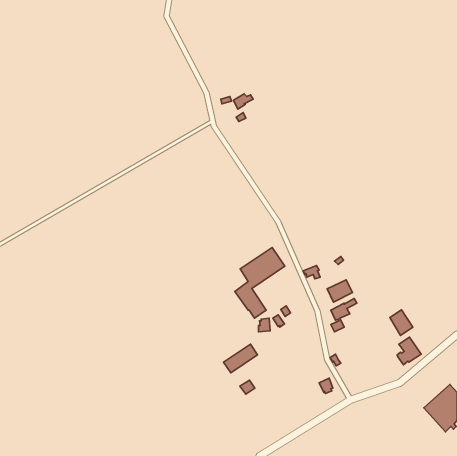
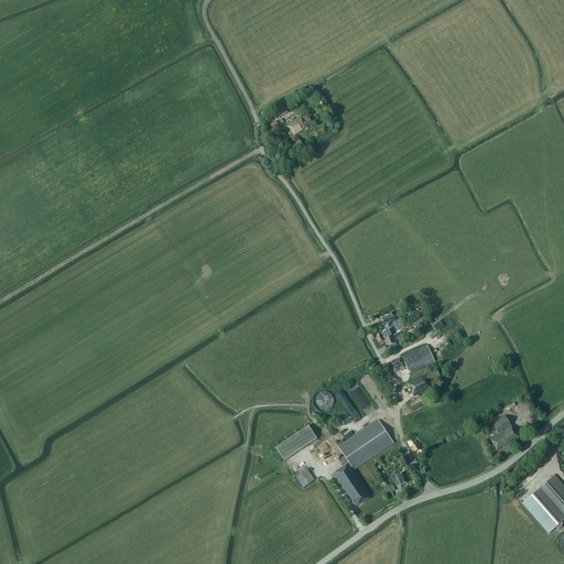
building: [235,248,285,318] -> [332,419,393,506]
building: [390,310,413,335] -> none

